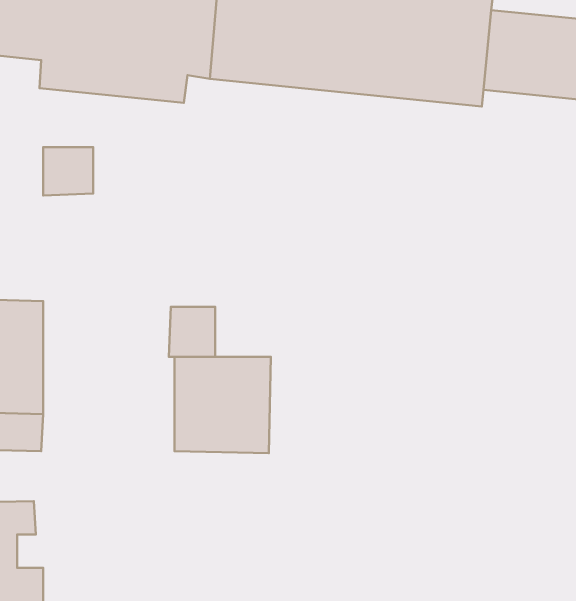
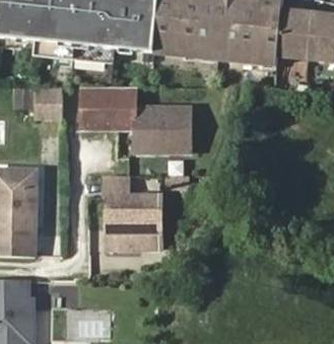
building: none -> [80,89,190,151]

